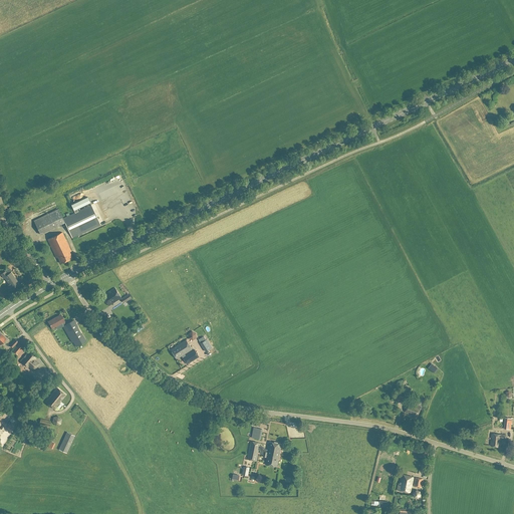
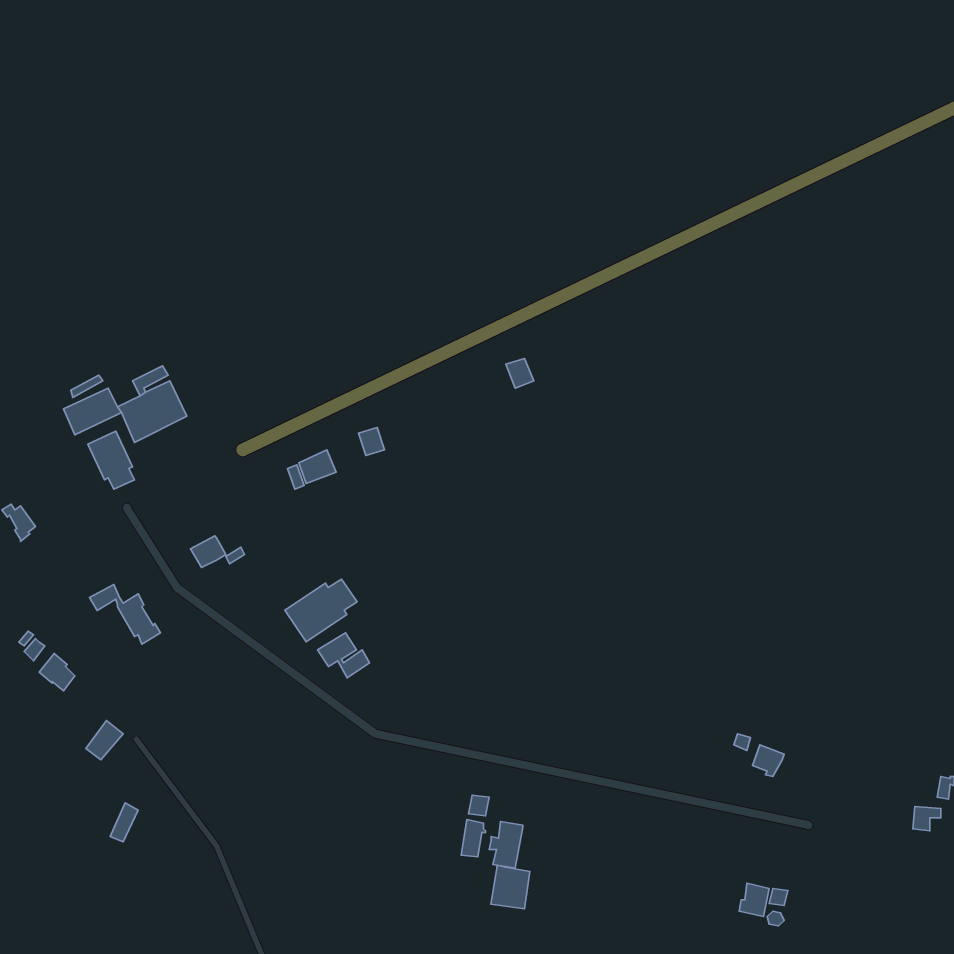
building: none -> [285,579,357,642]
building: none -> [491,865,530,909]

